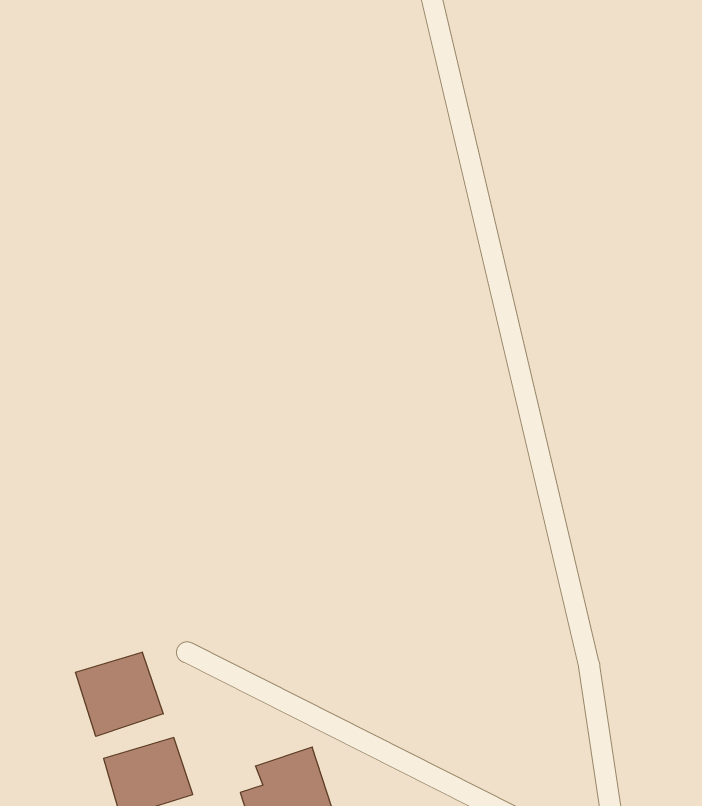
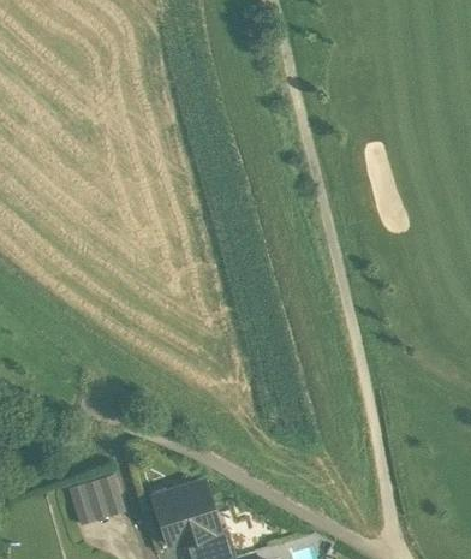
building: [76,652,163,736] -> none

